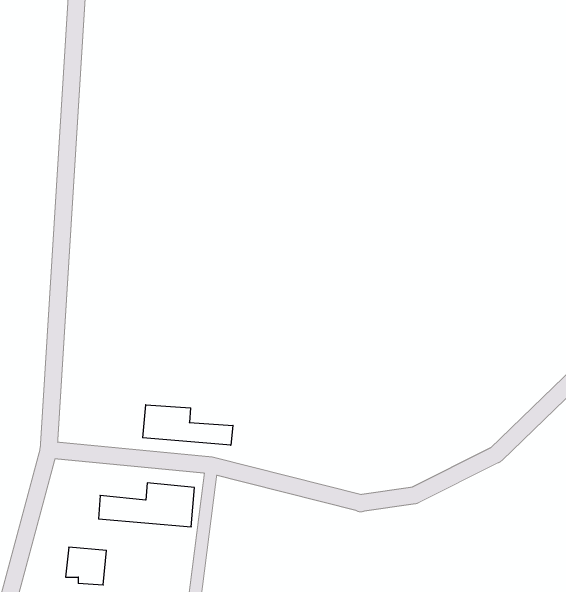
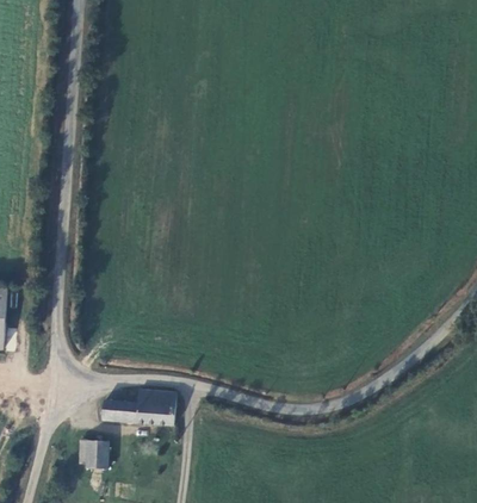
building: [143,405,233,445] -> none

